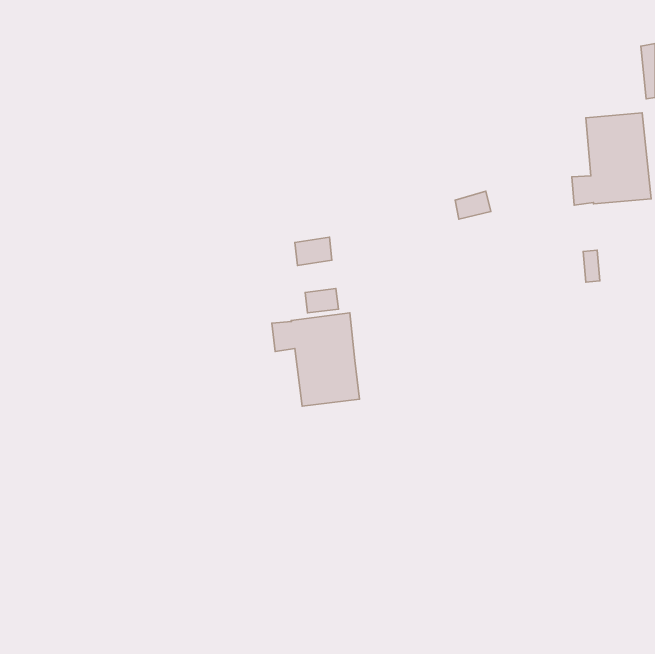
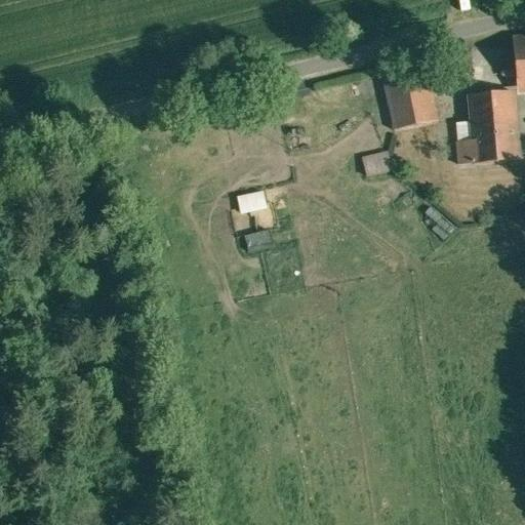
building: none -> [385,69,438,129]
building: [272,313,359,406] -> none

